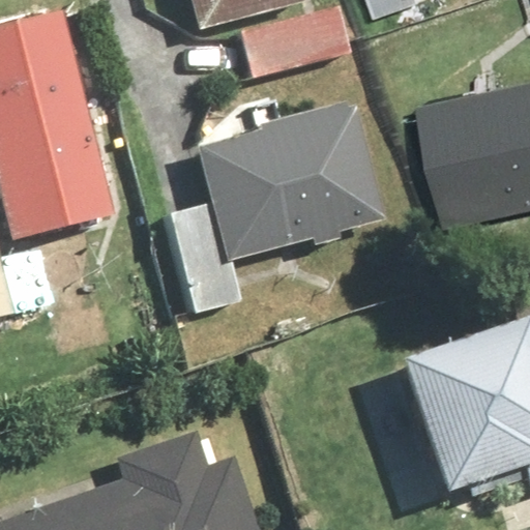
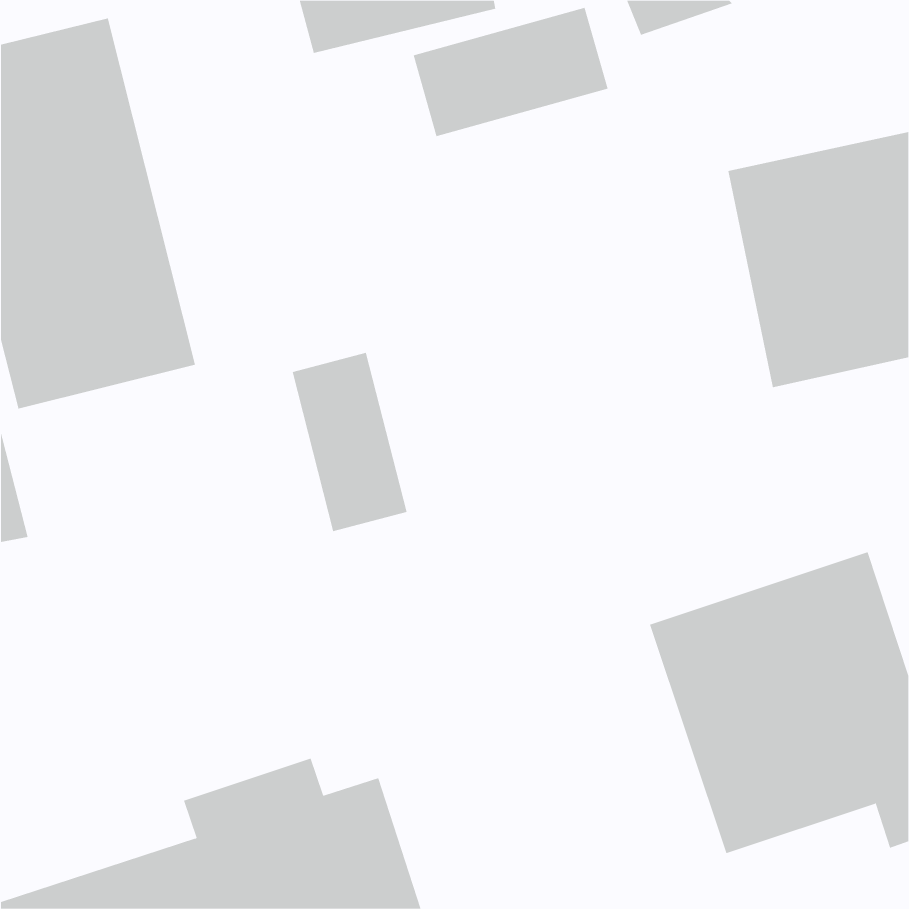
building: [201,100,388,257] -> none

